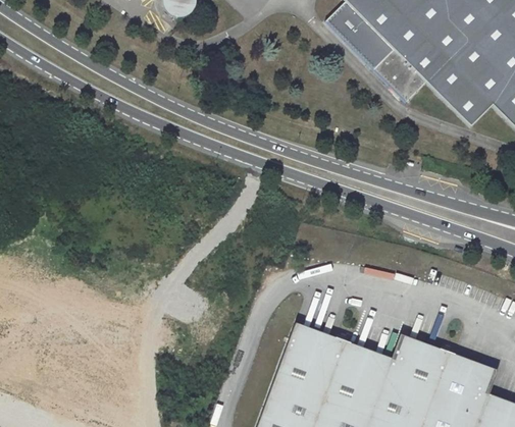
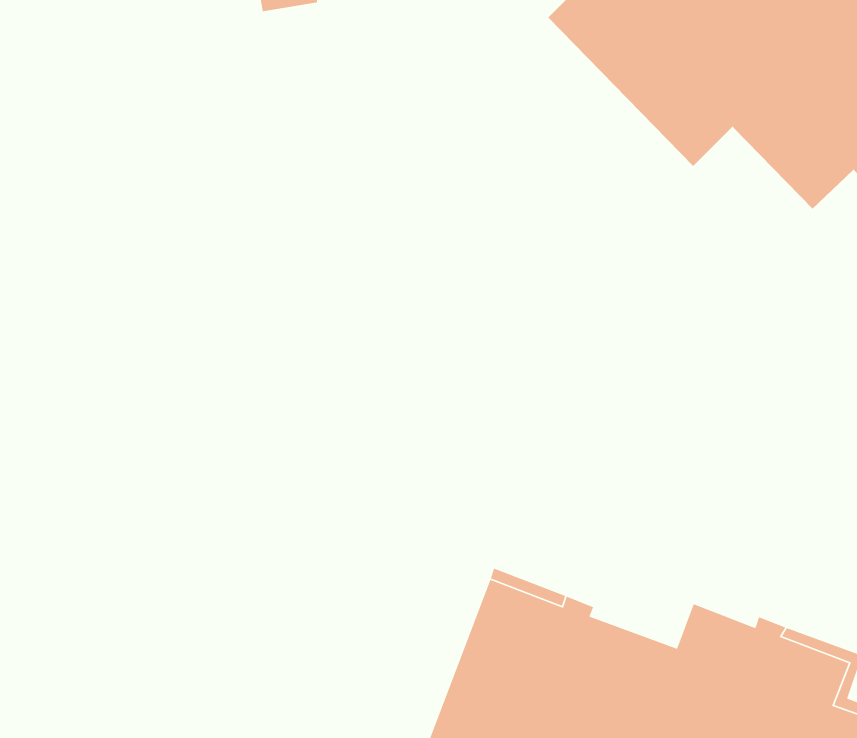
building: [349,334,441,366] -> none

